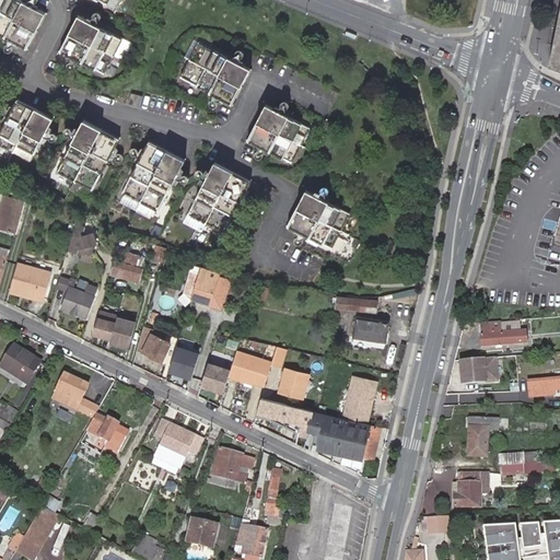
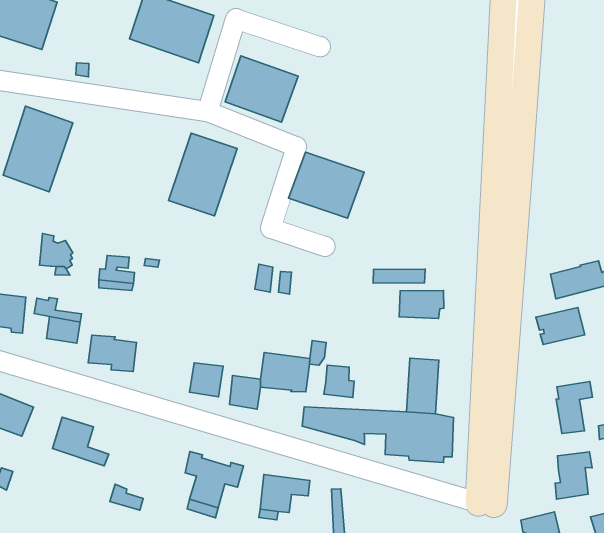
building: [117,141,178,211] -> none
building: [194,266,231,310] -> none
building: [138,326,173,360] -> none
building: [91,416,129,451] -> none

